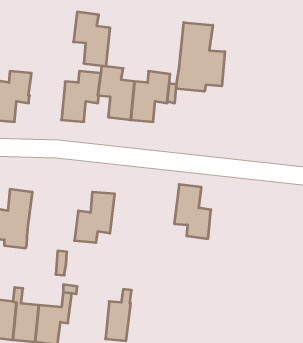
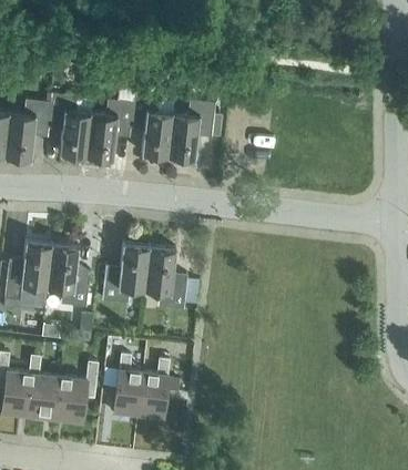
building: [73,12,110,66] -> [47,94,90,159]
building: [177,22,225,91] -> none
building: [174,184,211,239] -> [143,246,186,310]
building: none -> [45,244,89,308]
building: none -> [112,355,142,418]

